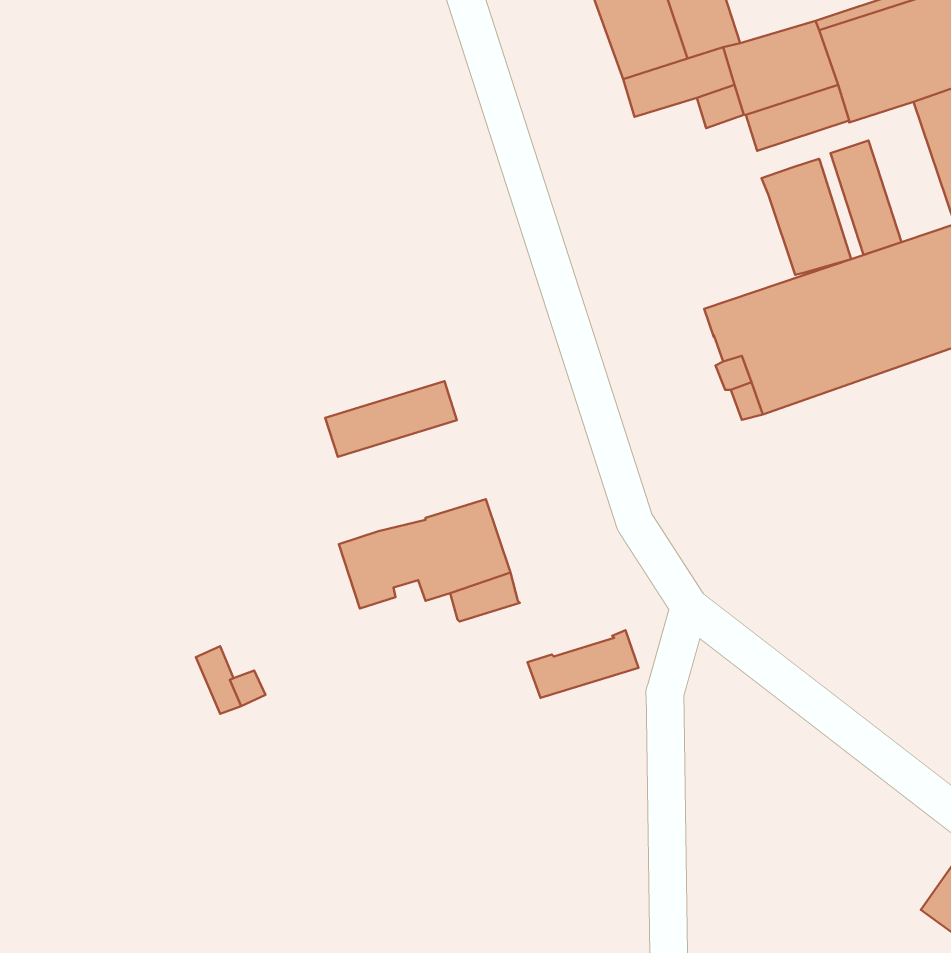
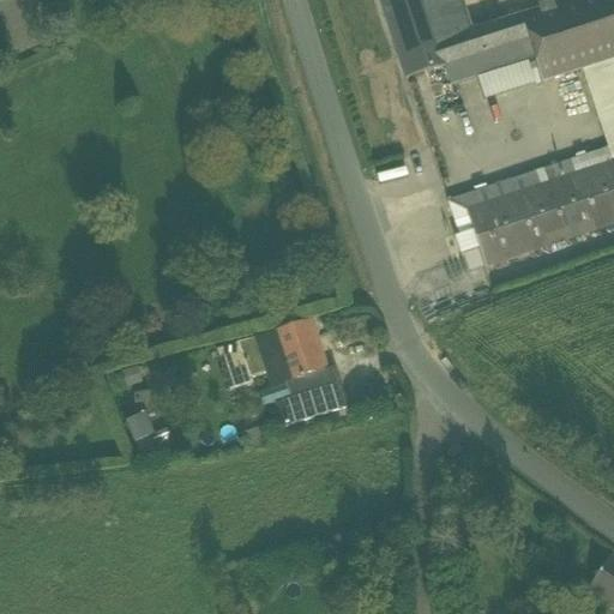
building: [830,140,902,255] -> none
building: [761,159,851,275] -> none
building: [325,381,457,457] -> none
building: [527,630,639,698] -> [283,379,354,422]

